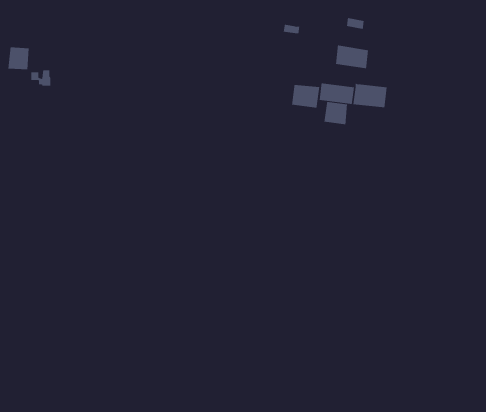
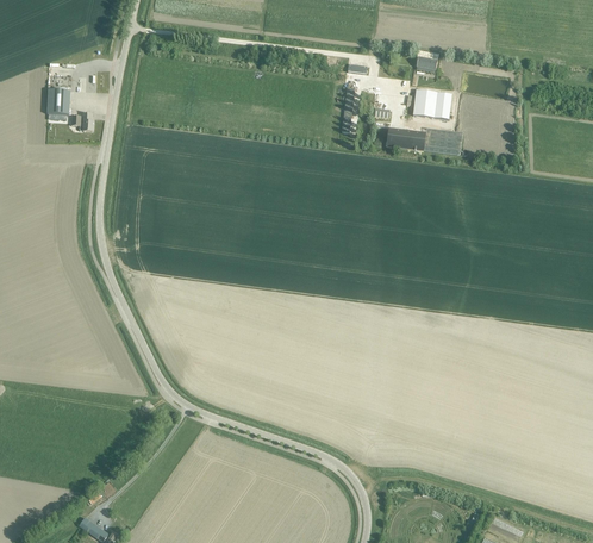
building: [291,84,320,108] -> none
building: [324,101,347,125] -> none

